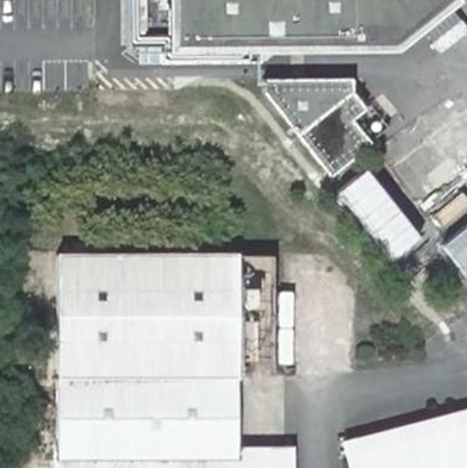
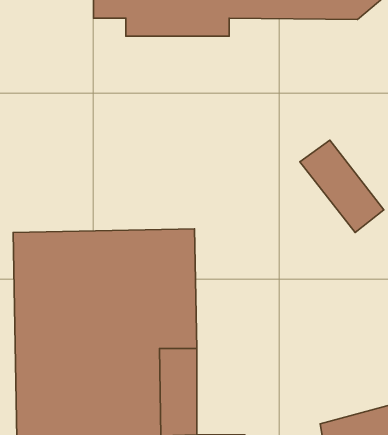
building: [270,81,379,179] -> none

